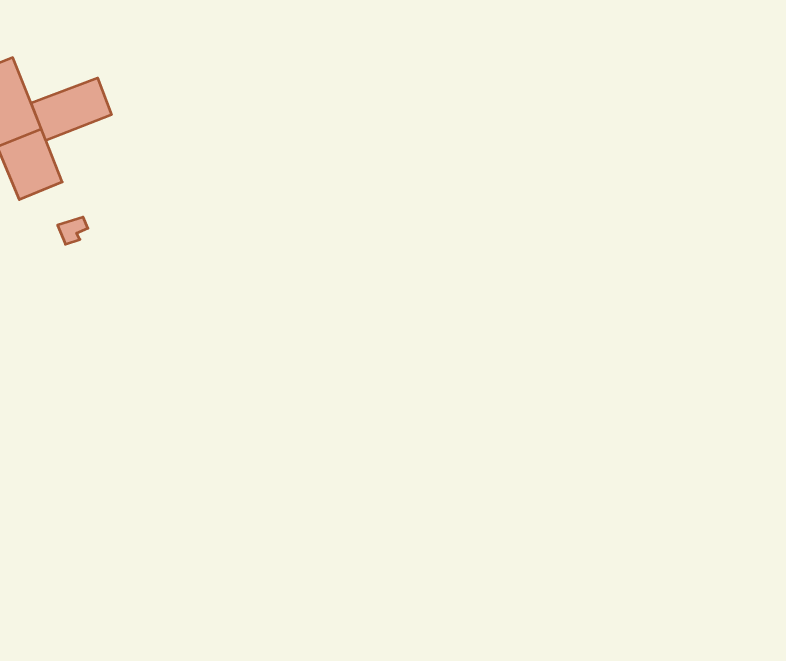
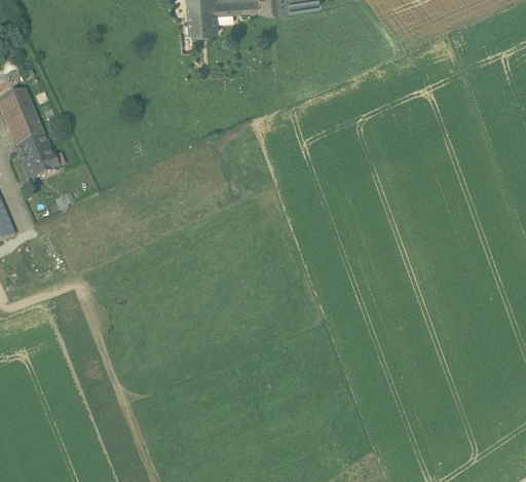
building: [31,78,111,140] -> none

